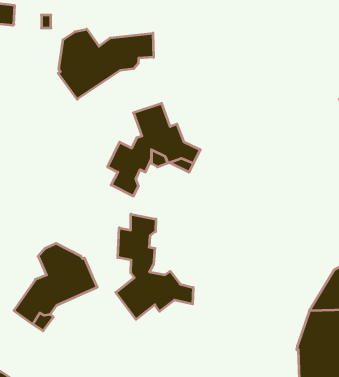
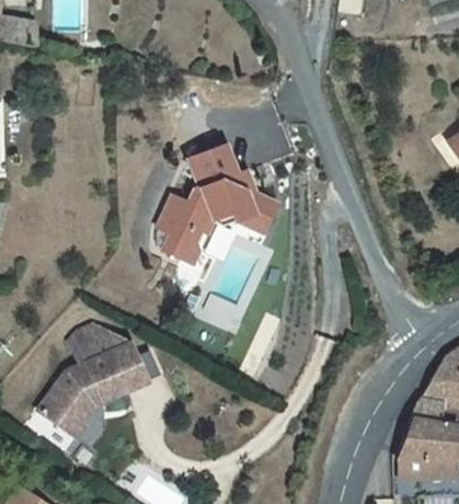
building: [58,29,154,99] -> none
building: [116,214,193,319] -> none

